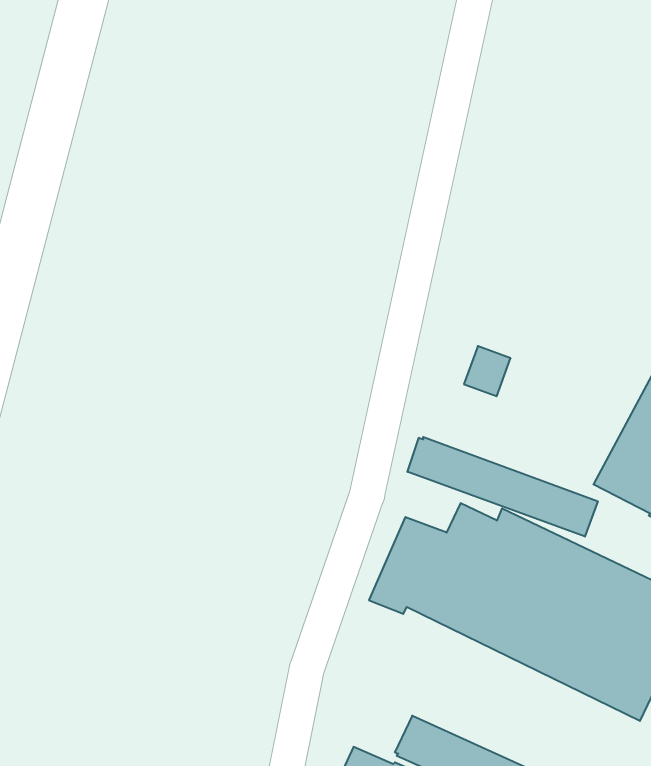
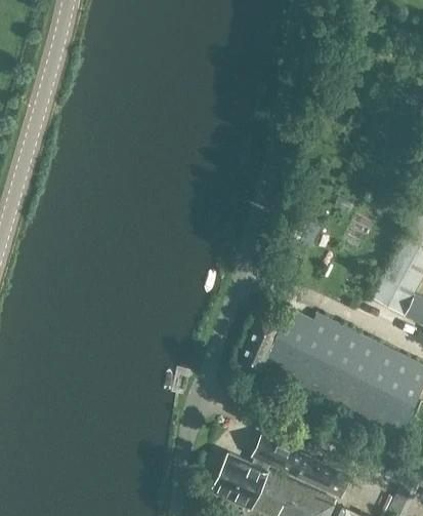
building: [407,437,598,537] -> none

